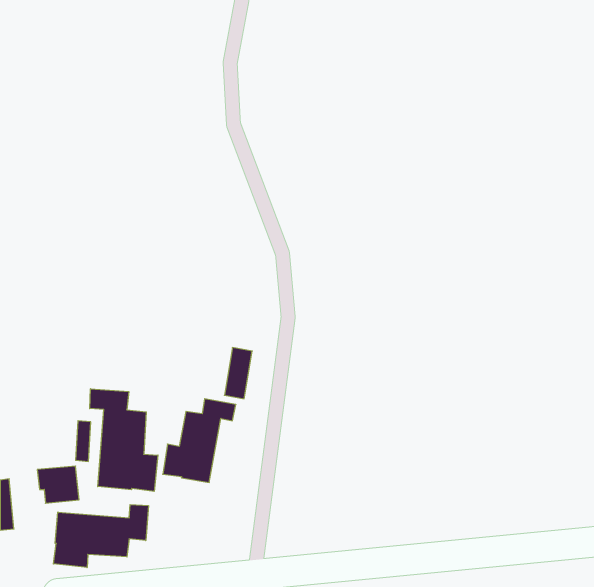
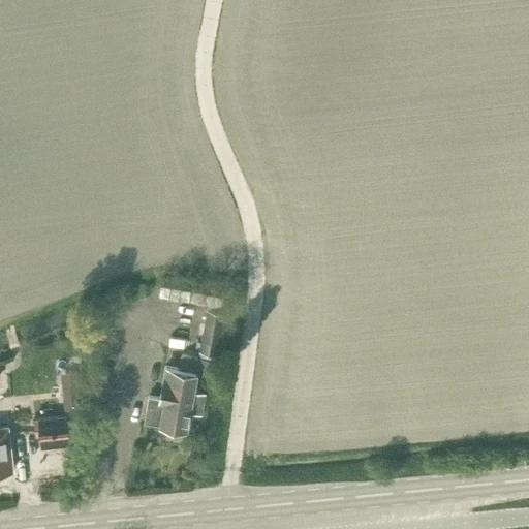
building: [90,389,158,491] -> none
building: [53,505,148,568] -> none

